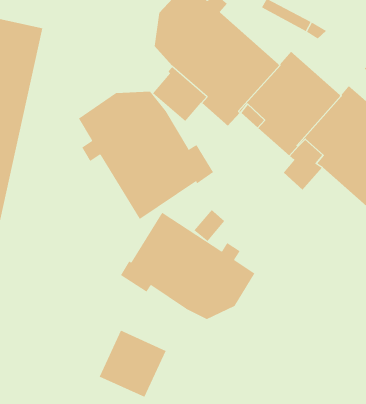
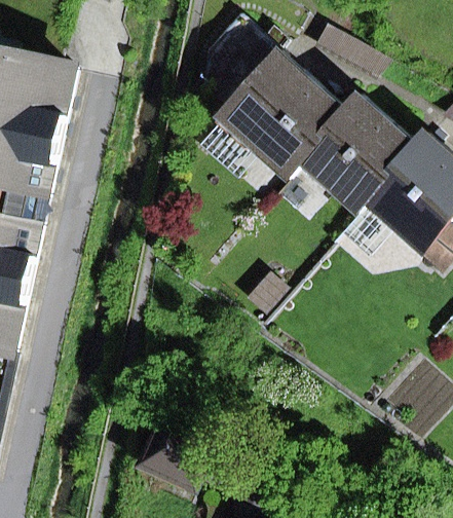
building: [78,91,214,220] -> none
building: [120,212,255,320] -> none

